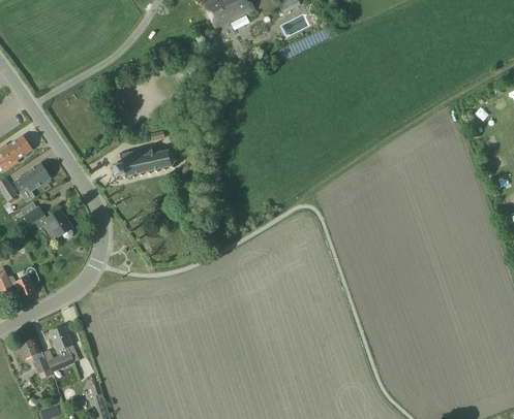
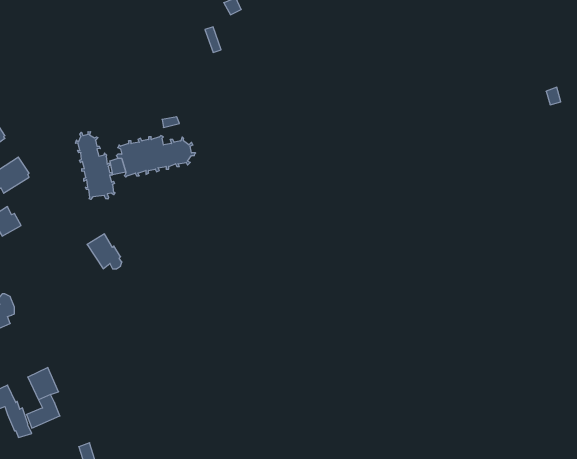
building: none -> [76,132,115,199]
building: [46,210,72,236] -> [87,234,122,269]

